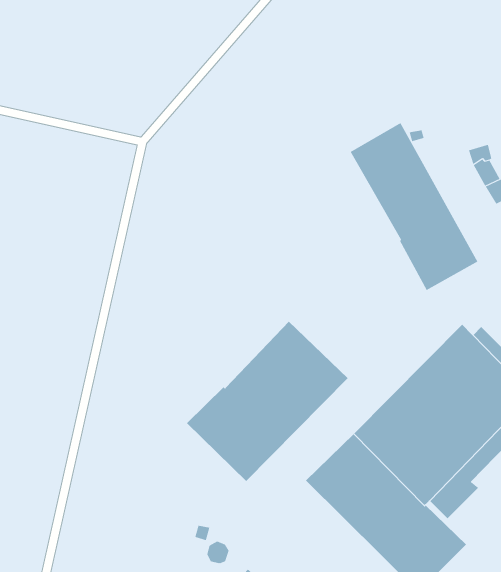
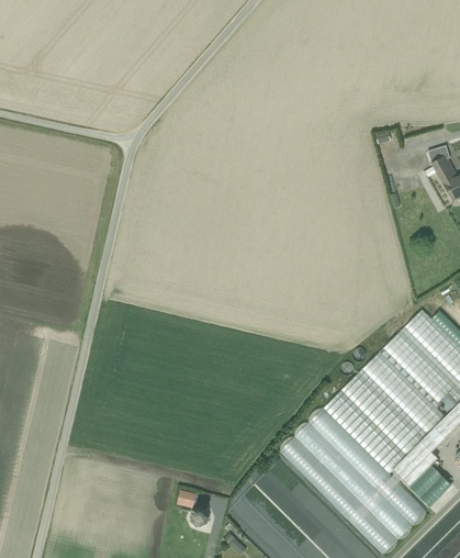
building: [350,122,478,291] -> none
building: [186,321,348,482] -> none
building: none -> [412,468,450,506]

